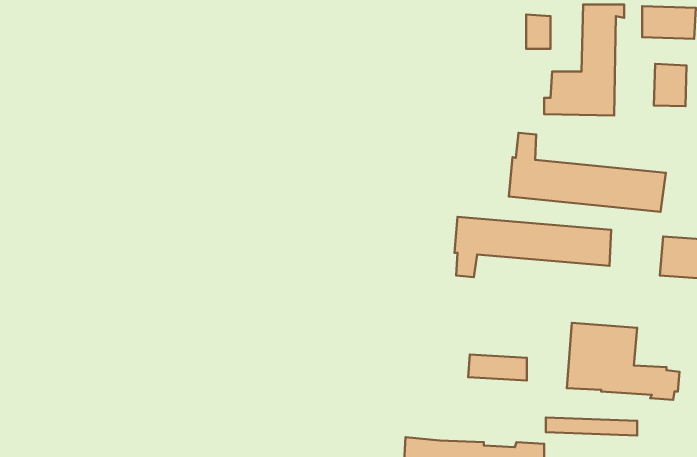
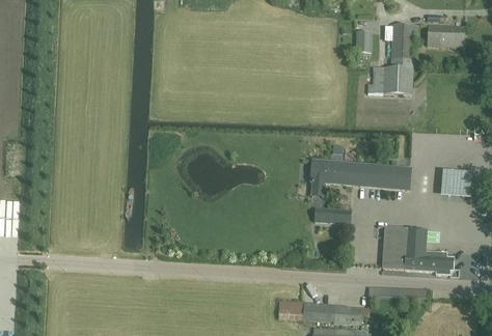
building: [654,64,687,106] -> none
building: [509,133,666,212] -> none
building: [468,354,527,381] -> [315,205,352,222]

